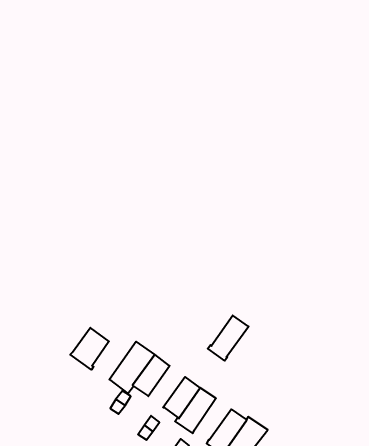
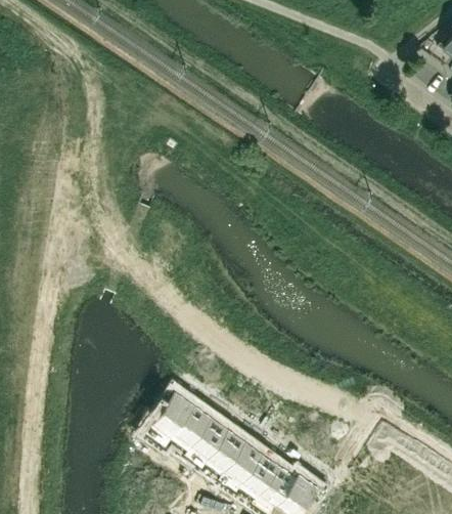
building: [208,315,249,361] -> [187,416,232,466]
building: [70,328,109,370] -> none
building: none -> [242,452,283,498]

